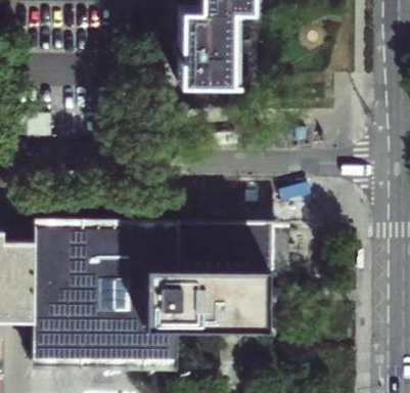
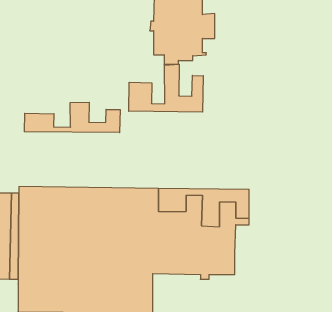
building: none -> [129,64,203,112]
building: none -> [24,102,120,133]

